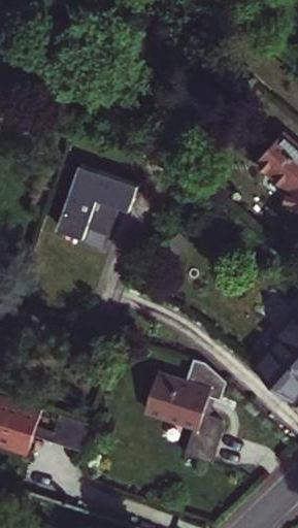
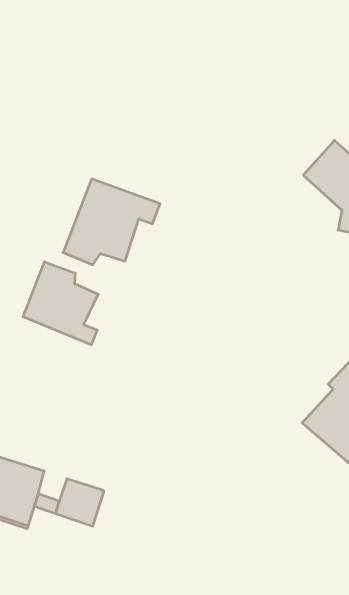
building: none -> [23,262,98,345]
building: [143,360,227,465] -> none

